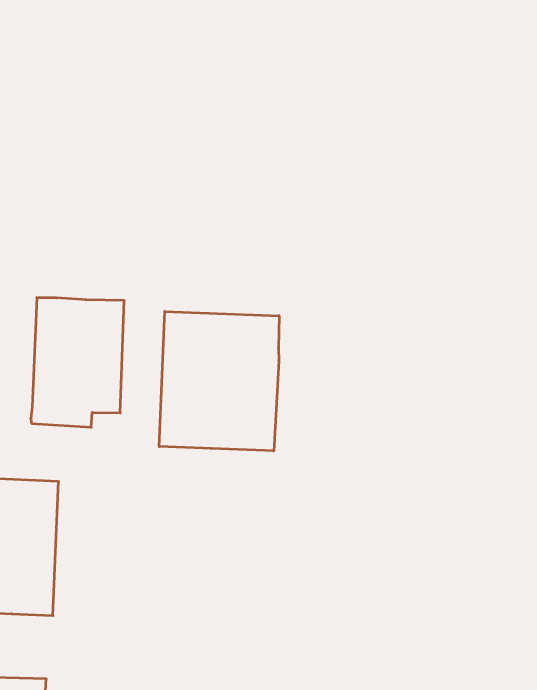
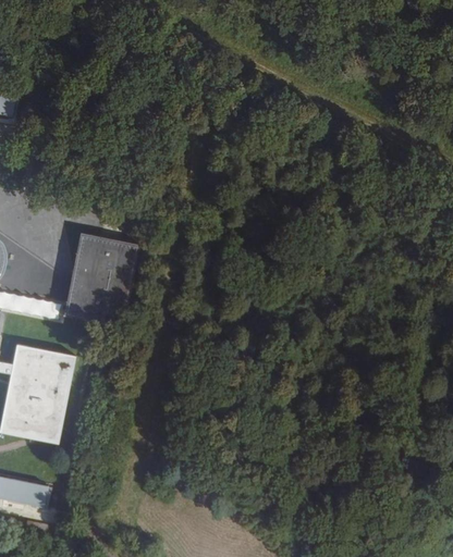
building: [159,311,279,451] -> none

